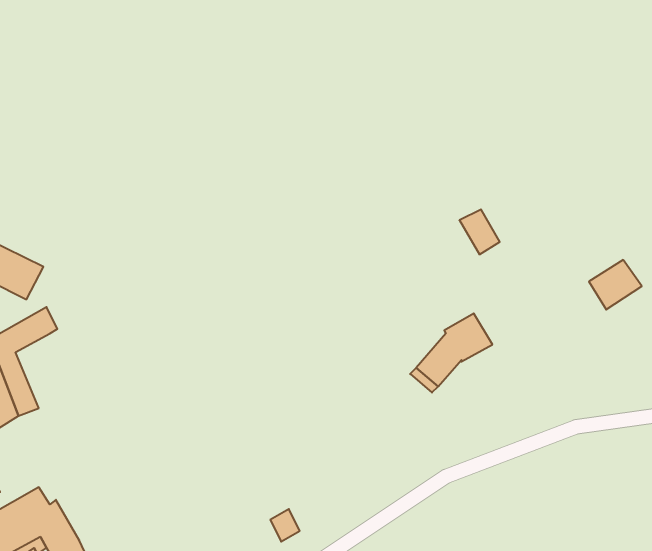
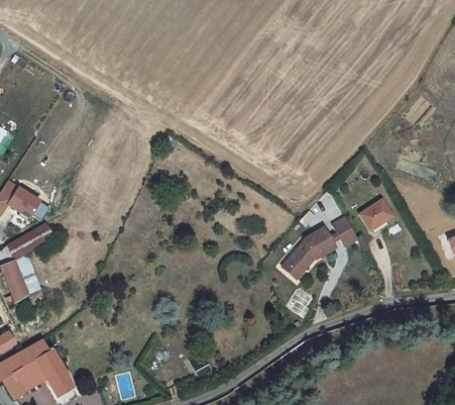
building: [459,209,500,254] -> [331,217,357,246]
building: [589,260,642,310] -> [359,199,393,231]

